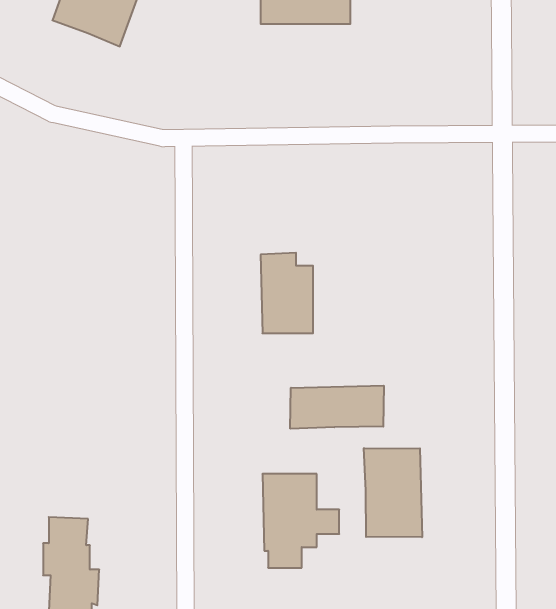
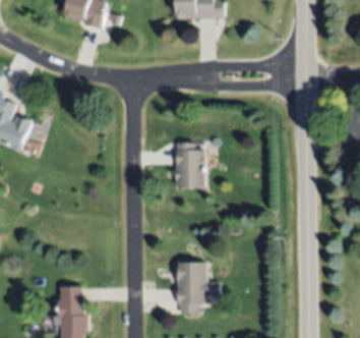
building: [290,386,384,429] -> none
building: [364,448,422,537] -> none

